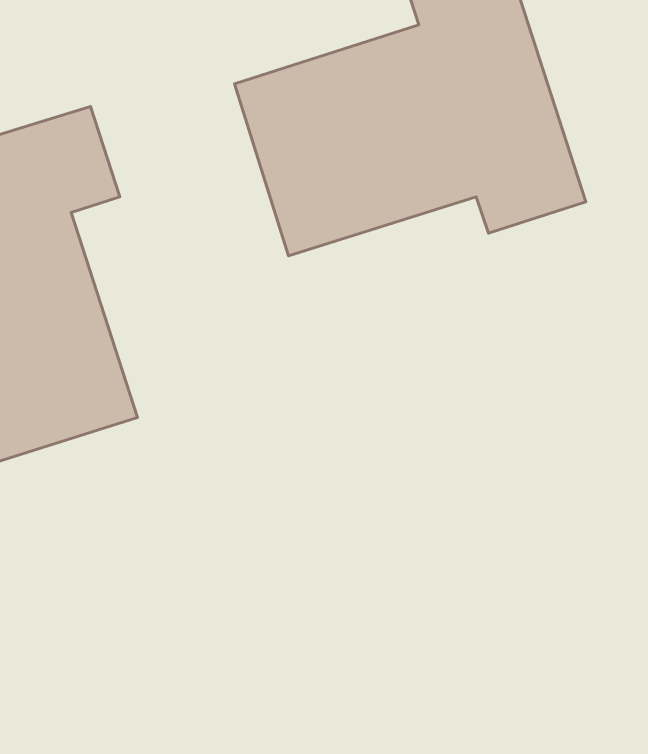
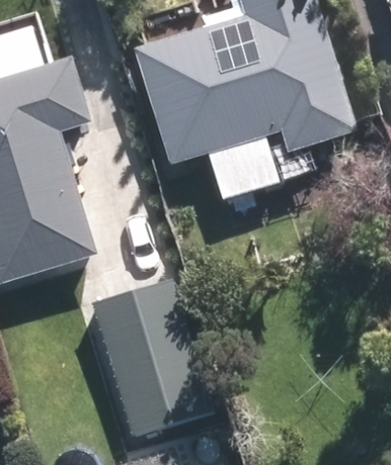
building: none -> [100,289,205,428]

